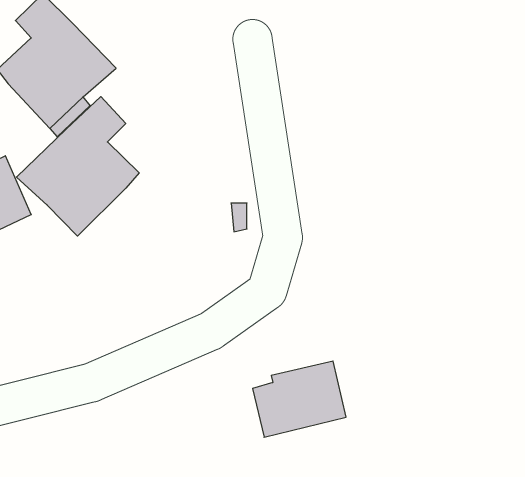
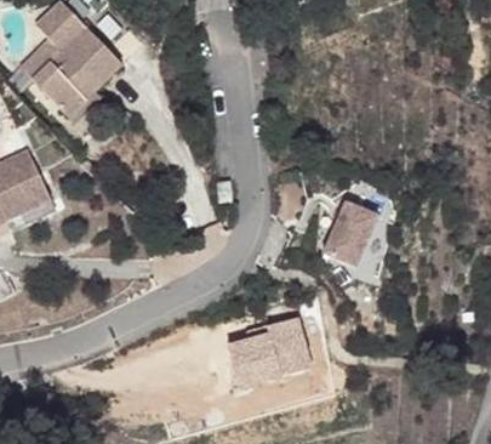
building: [16,97,139,236] -> none
building: none -> [315,204,371,272]

